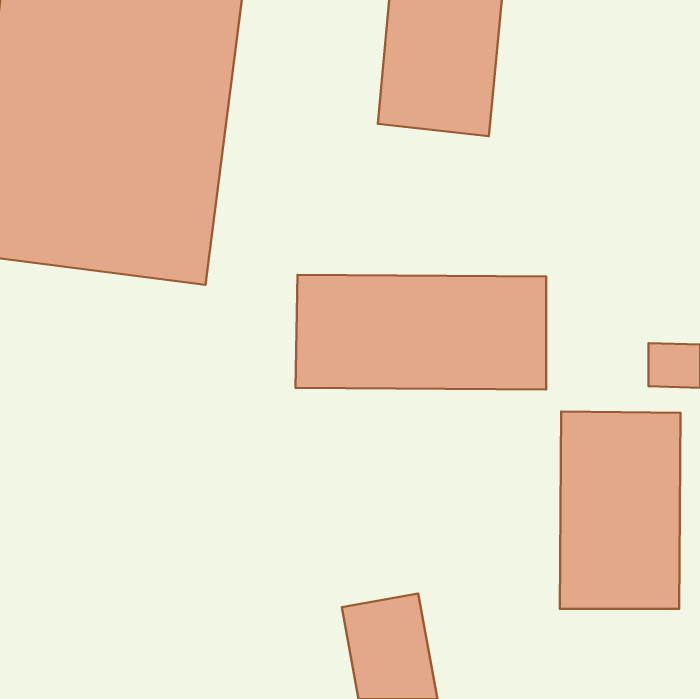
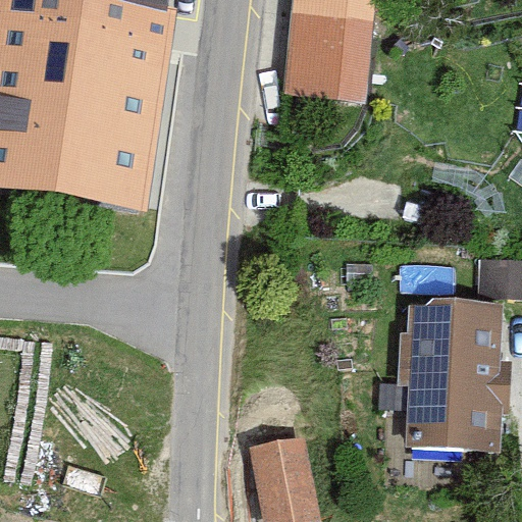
building: [296,275,546,389] -> none

